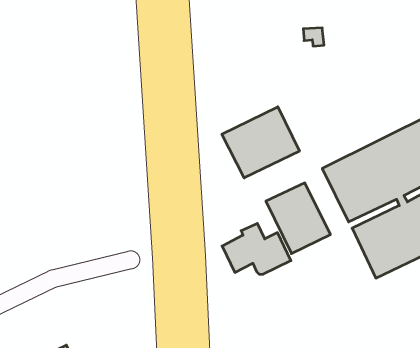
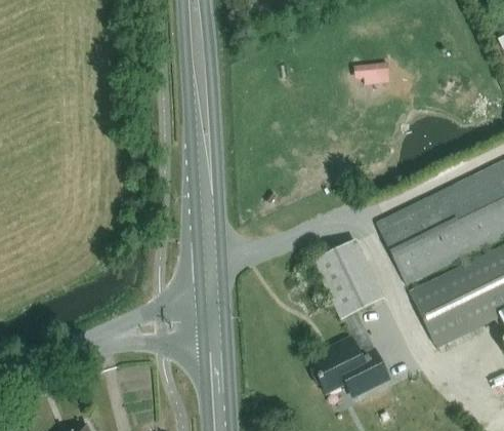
building: [222,107,299,178] -> none
building: [222,223,291,274] -> [311,338,389,395]

